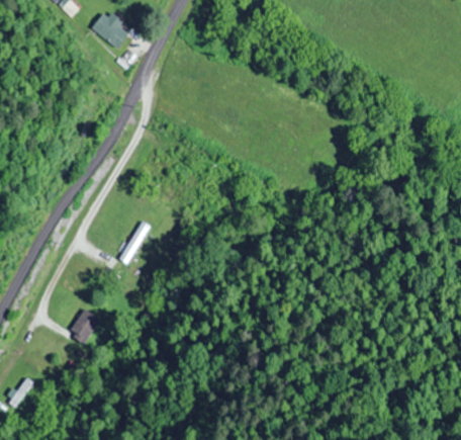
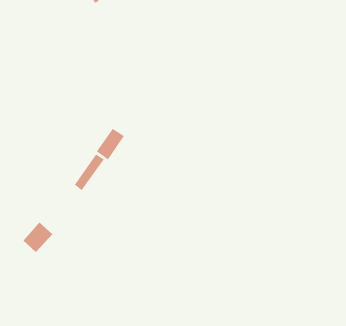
building: none -> [96,128,125,160]

